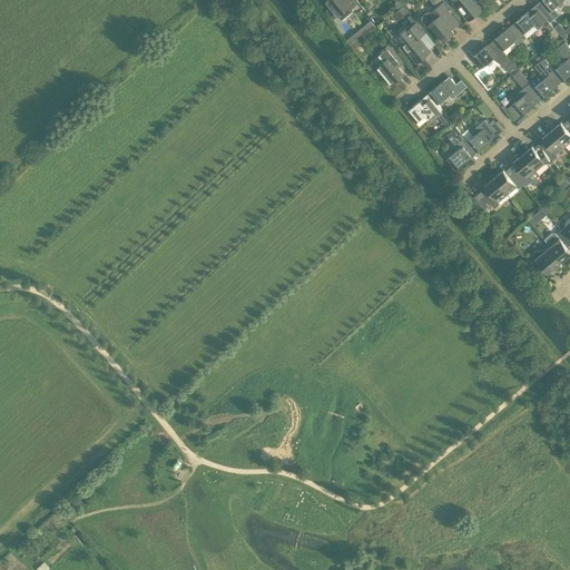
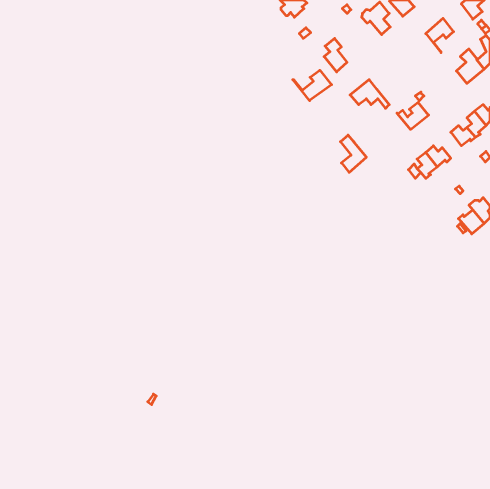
building: [514,6,549,38] -> none
building: [396,22,430,62] -> none
building: [473,40,518,73] -> none
building: [429,77,462,105] -> none
building: none -> [293,70,332,101]
building: [512,83,542,116] -> none
building: [446,126,476,169] -> [340,135,366,172]
building: [513,155,540,187] -> none

